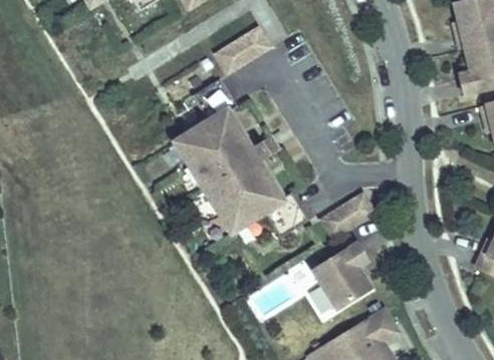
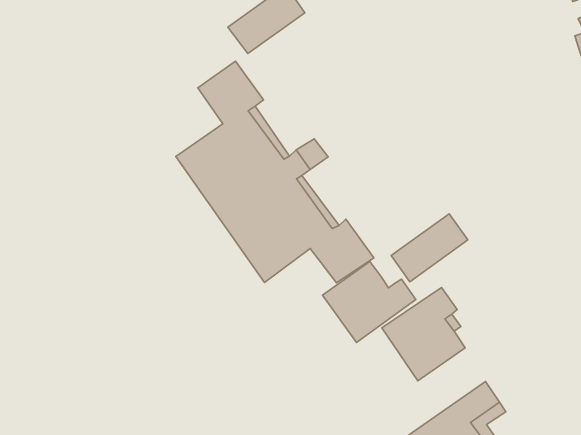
building: none -> [322,262,416,342]

